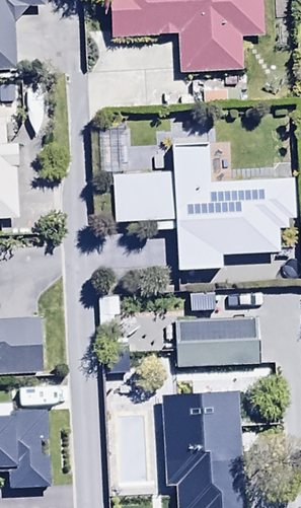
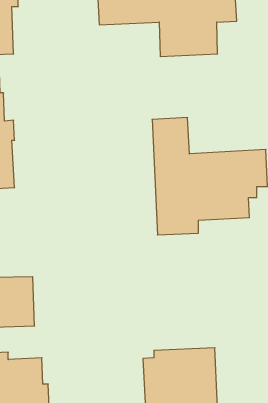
building: [111,171,171,230] -> none
building: [174,318,258,364] -> none

